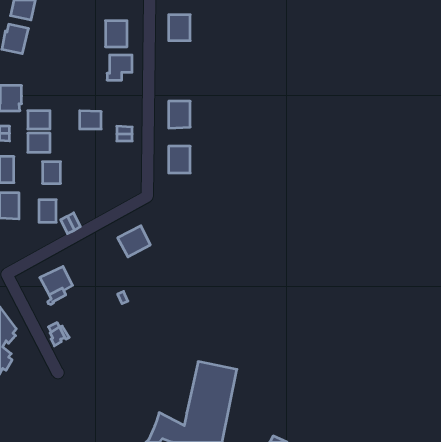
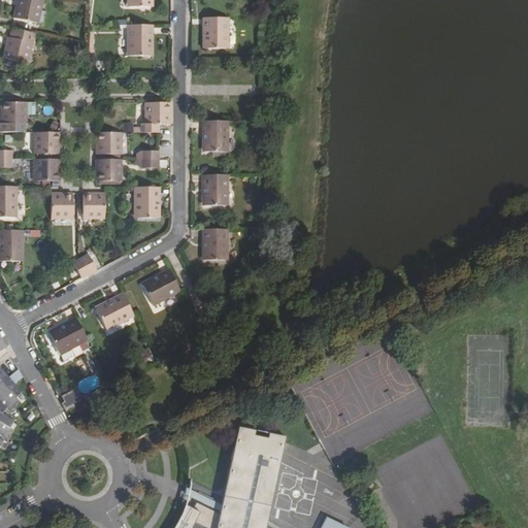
building: [107,55,132,80] -> [140,103,170,133]
building: none -> [95,159,121,182]
building: none -> [133,187,160,219]
building: none -> [201,229,227,260]
building: [39,200,56,222] -> [82,193,103,220]
building: none -> [94,293,134,331]

